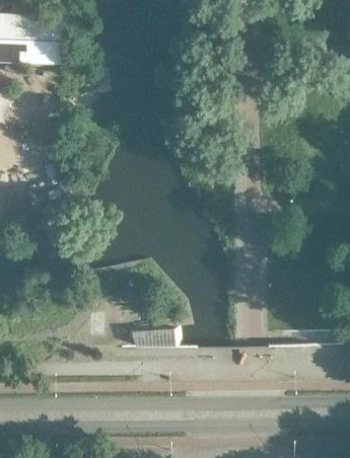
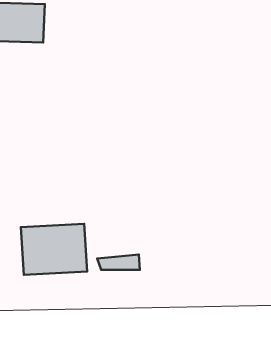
building: none -> [21,224,87,275]

